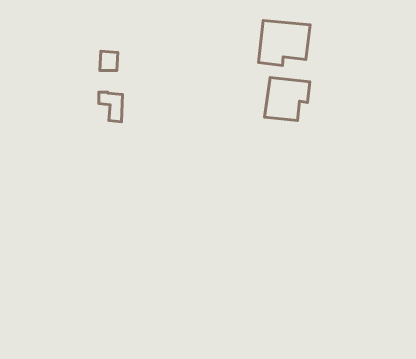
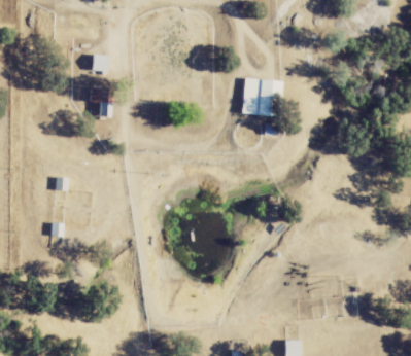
building: [258,21,310,65] -> none

